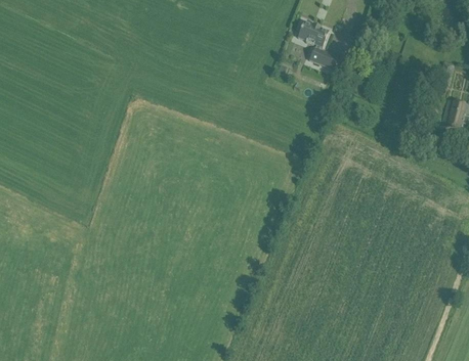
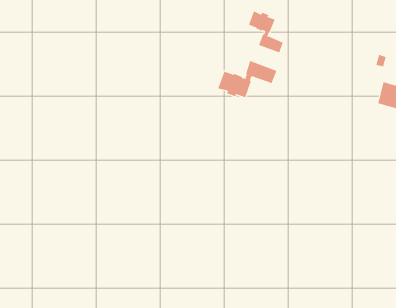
building: none -> [217,60,277,98]

